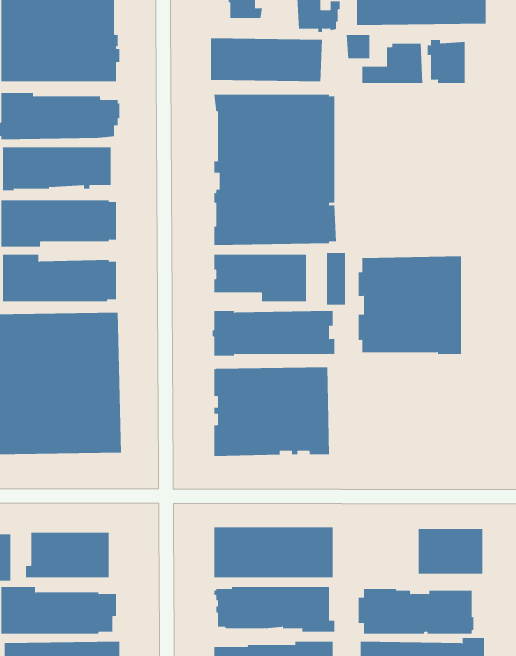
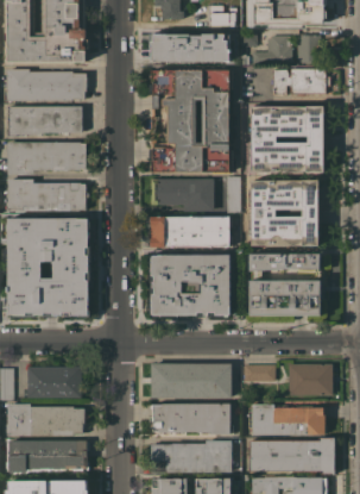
building: none -> [272,69,330,95]
building: none -> [248,106,324,173]
building: none -> [250,254,320,271]
building: none -> [250,281,321,315]
building: none -> [244,364,274,382]

